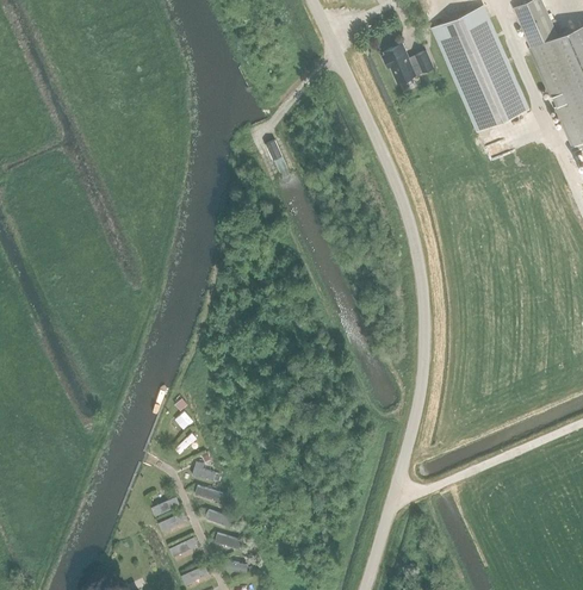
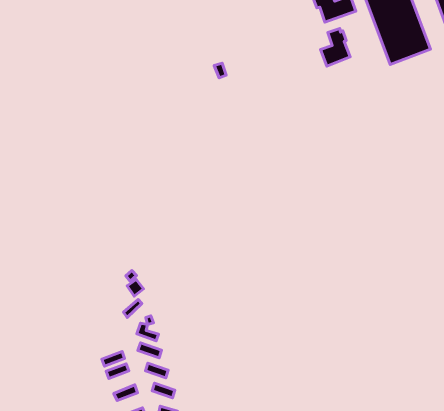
building: none -> [320,28,350,66]

